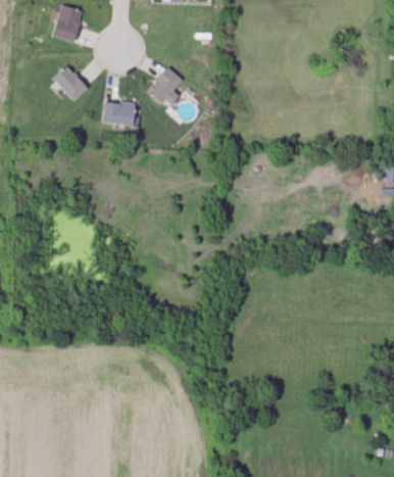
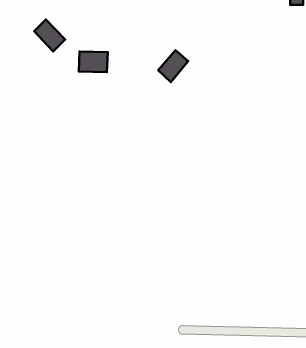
building: [149,67,183,103] -> [158,50,188,82]

